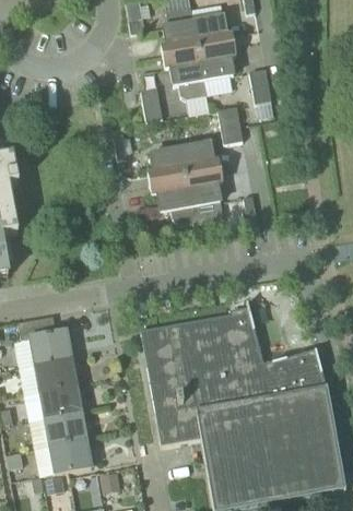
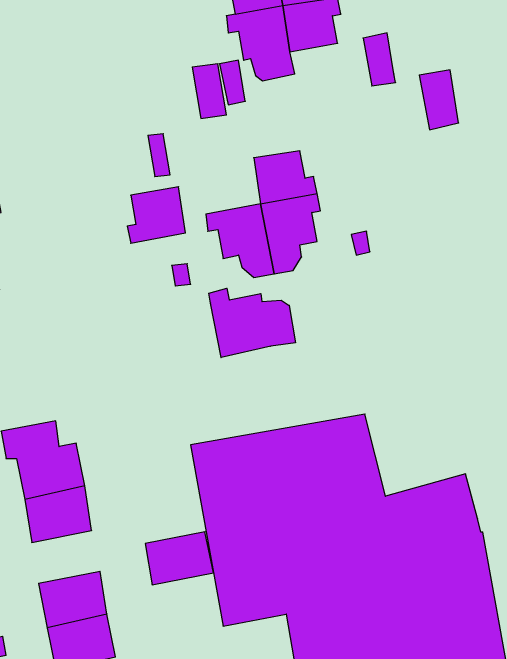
building: [217,103,243,141] -> [419,70,459,130]
building: [148,144,185,180] -> [127,187,185,243]
building: none -> [209,288,295,358]
building: [38,382,82,416] -> [145,532,214,585]

